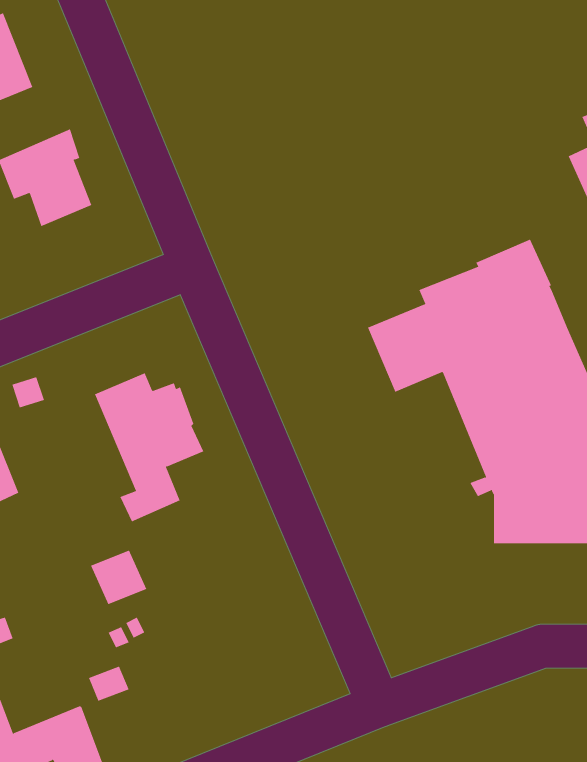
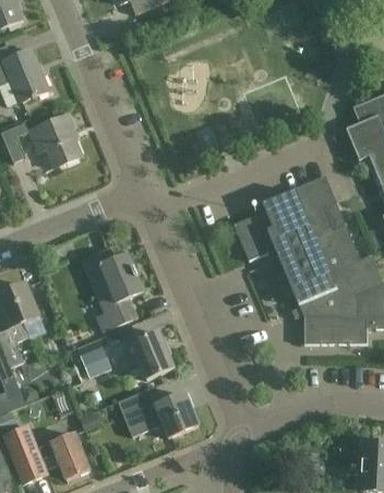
building: none -> [131,332,175,381]
building: none -> [118,387,197,436]

